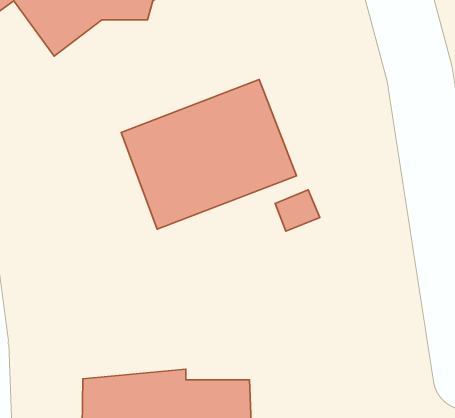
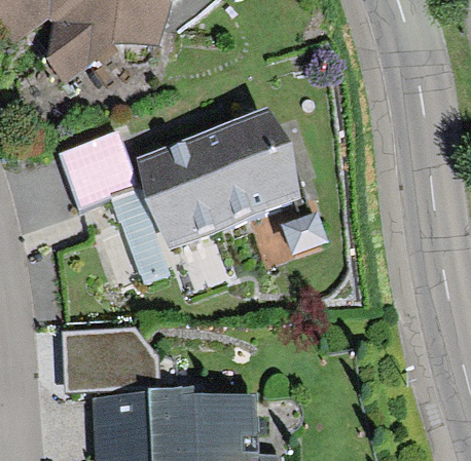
building: none -> [60,130,138,208]
building: none -> [65,331,156,387]

